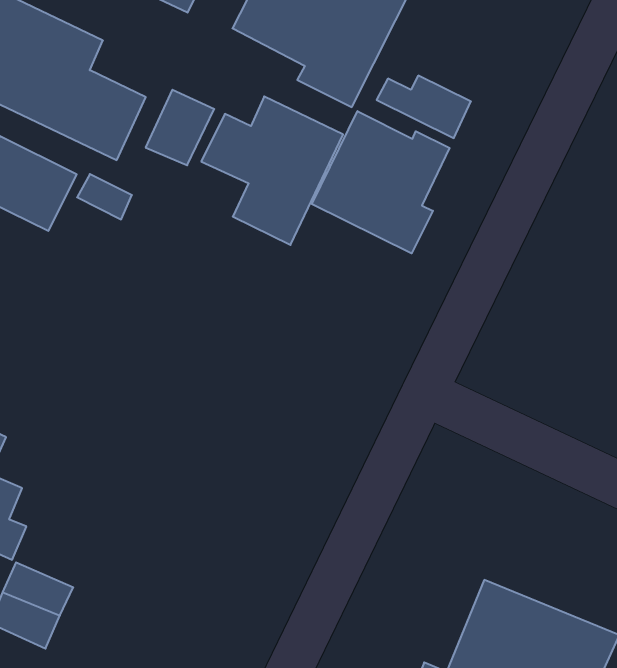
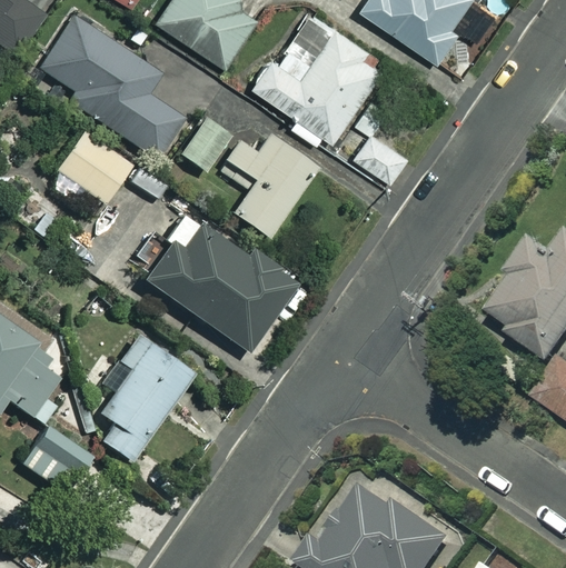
building: [312,111,450,253] -> none
building: none -> [143,222,295,350]
building: none -> [100,333,192,458]

